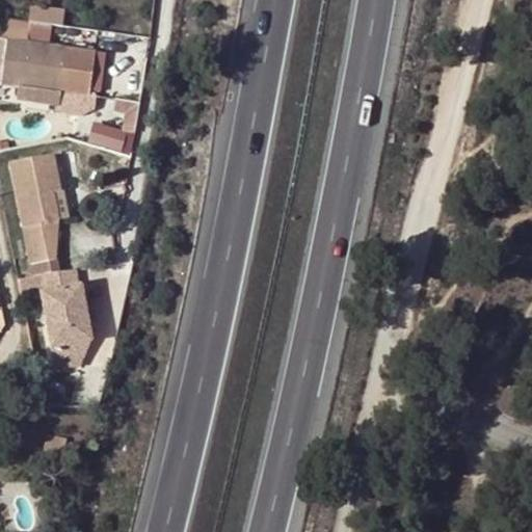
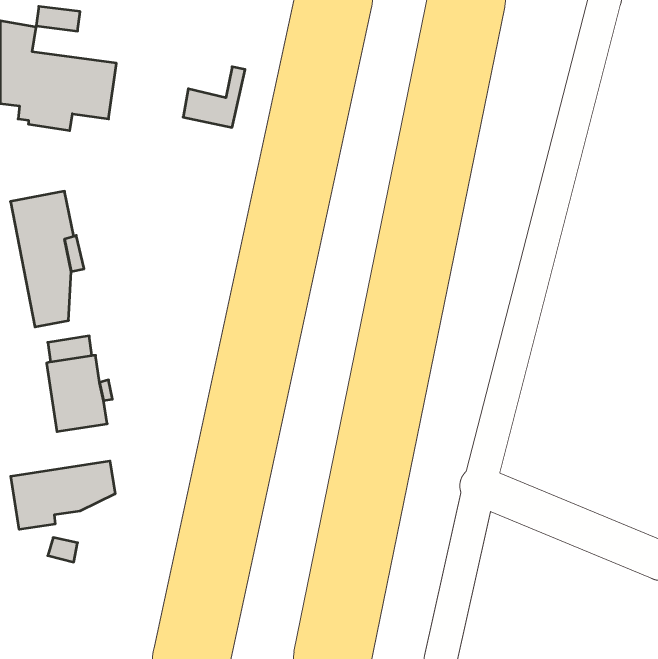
building: [92,103,142,152] -> [183,67,245,127]
building: none -> [11,461,115,529]

